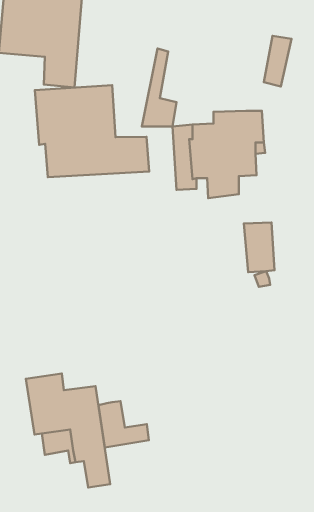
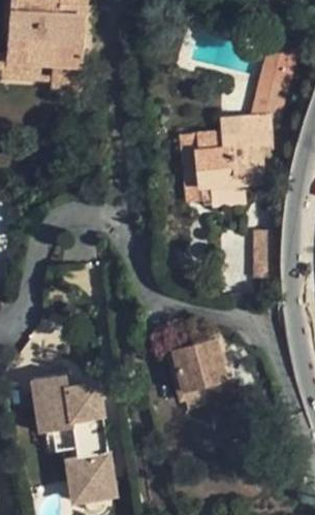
building: [142,48,177,127] -> [248,42,282,119]
building: [35,85,149,177] -> none
building: none -> [179,342,228,392]
building: [98,401,149,447] -> [67,461,117,507]

